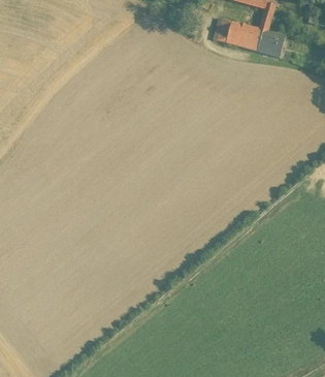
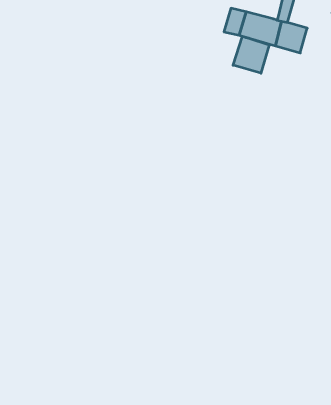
building: none -> [233,36,269,73]

